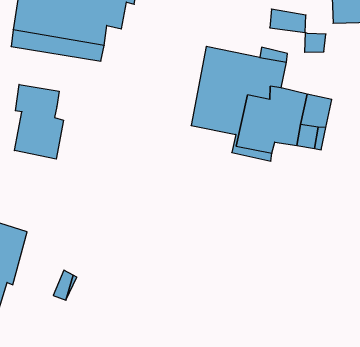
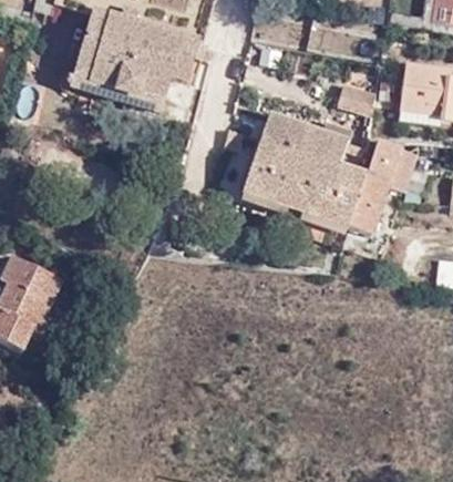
building: none -> [366,137,415,188]
building: [14,84,64,159] -> none

